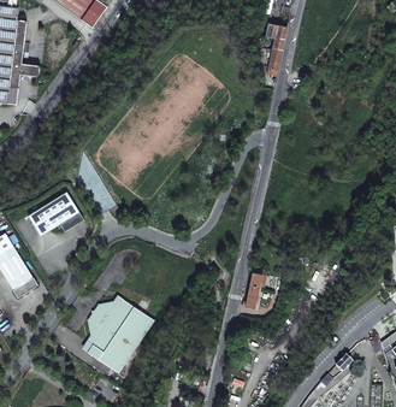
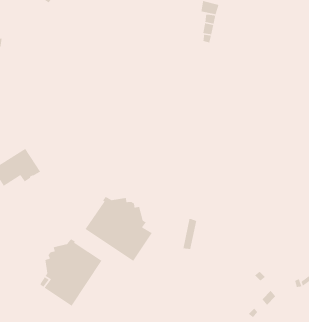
building: none -> [85,196,153,262]

